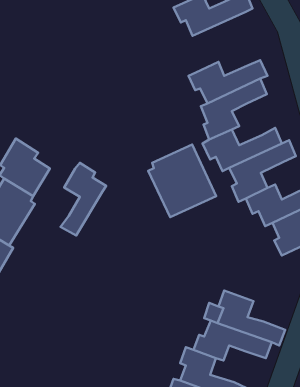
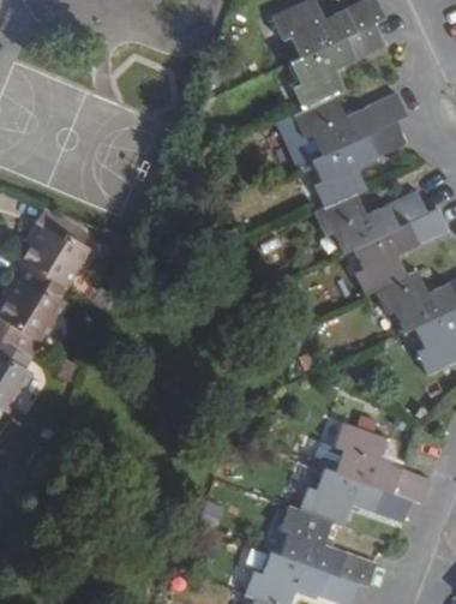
building: none -> [289,23,384,110]
building: [148,144,216,217] -> none
building: [61,163,106,236] -> none

